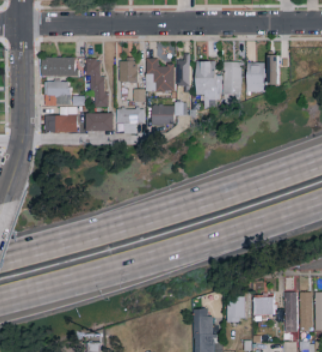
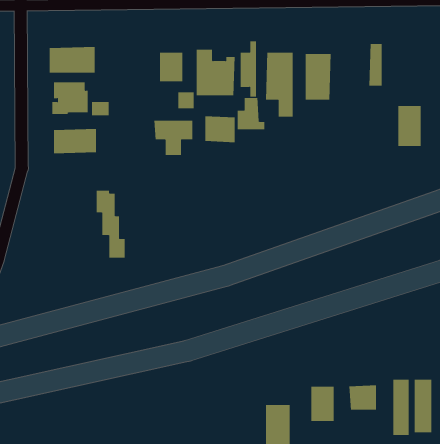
building: [86,59,107,107] -> [96,190,125,258]
building: [247,63,264,92] -> [397,106,422,147]
building: [86,113,113,132] -> none

